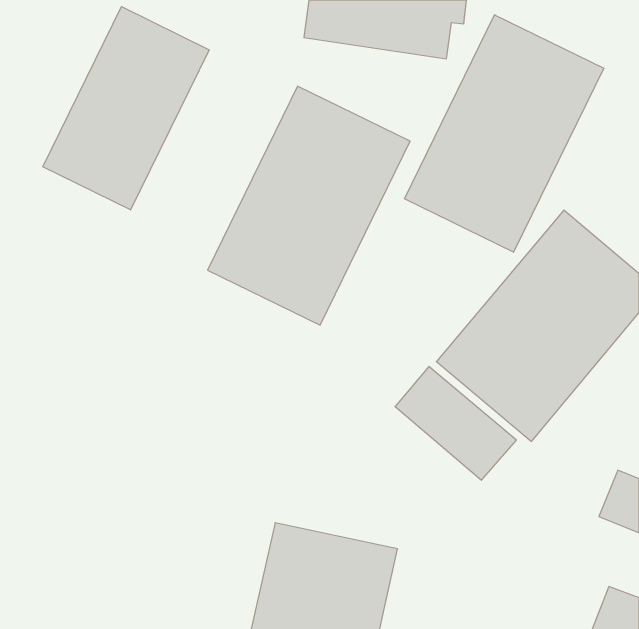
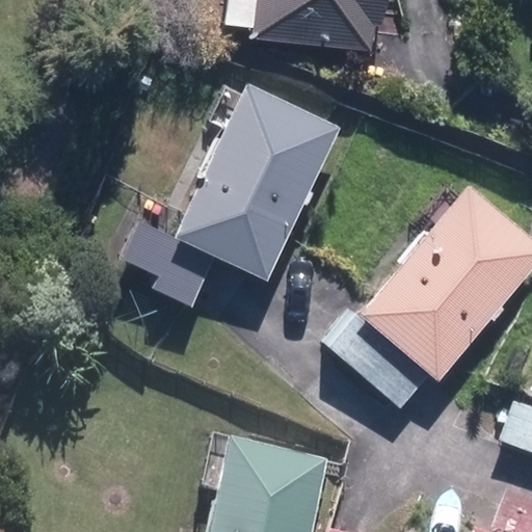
building: [43,7,209,210] -> none
building: [404,15,604,252] -> none

